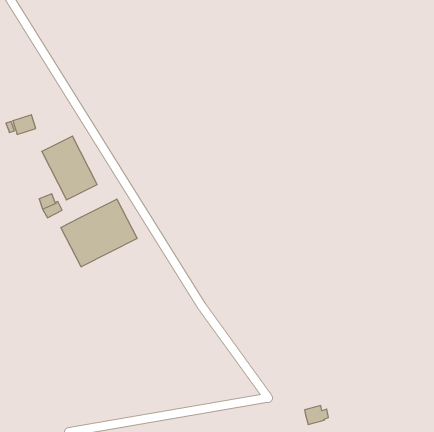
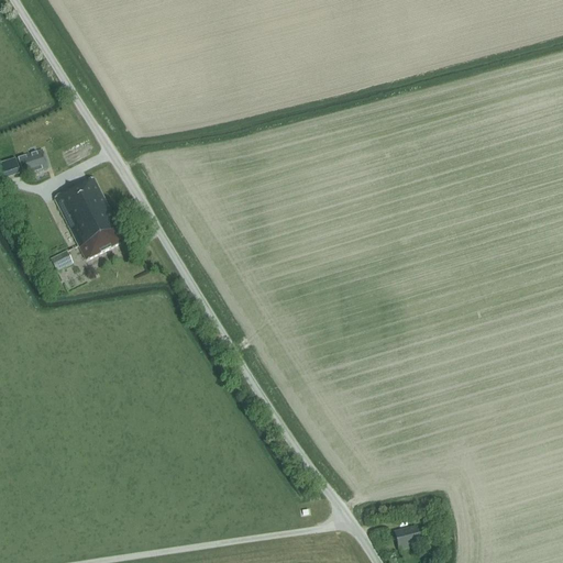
building: [61,199,137,267] -> none

